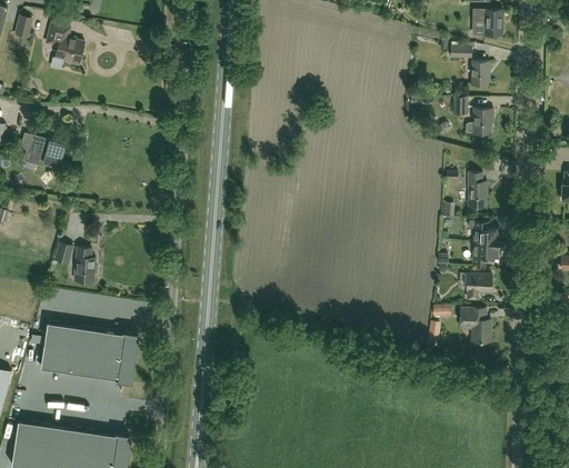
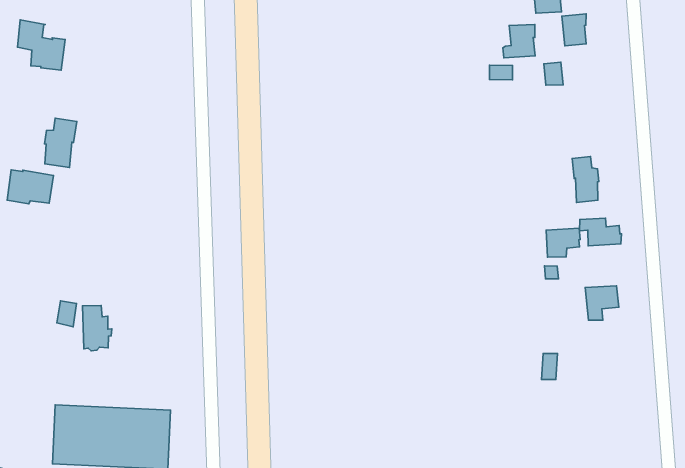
building: none -> [45,118,77,168]
building: [467,109,493,135] -> [503,24,535,58]
building: [472,242,499,265] -> [546,228,580,257]
building: [460,309,490,342] -> none

